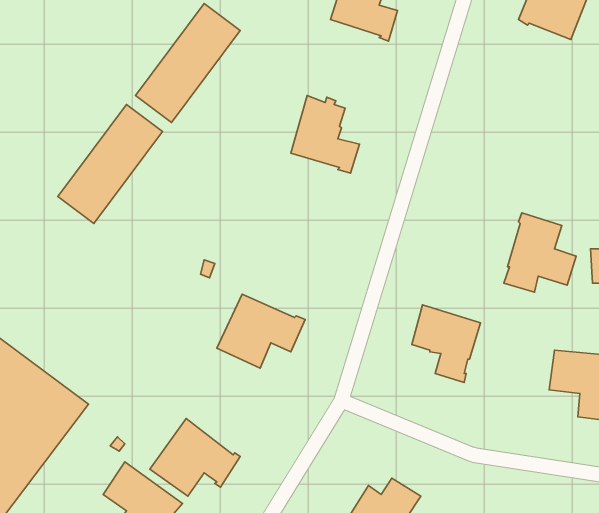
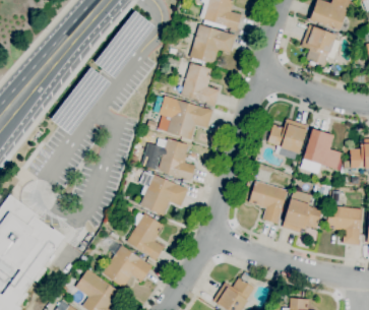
building: none -> [189,25,236,65]
building: none -> [301,25,341,66]
building: none -> [159,97,213,140]
building: none -> [267,119,308,153]
building: none -> [153,138,196,182]
building: none -> [282,191,325,233]
building: none -> [126,213,164,262]

